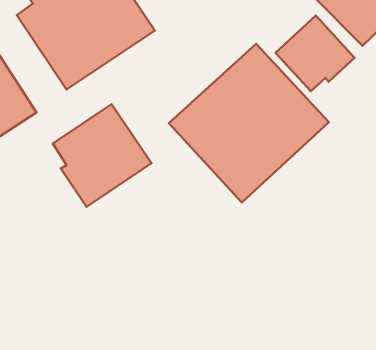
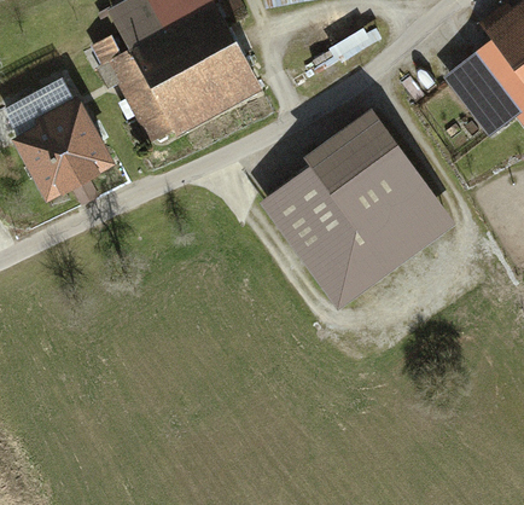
building: [276,15,355,91] -> none
building: [53,104,151,207] -> none

